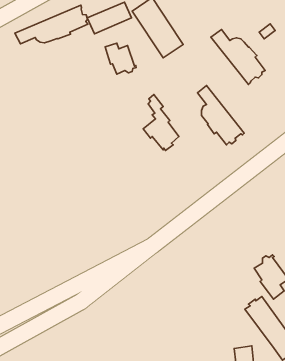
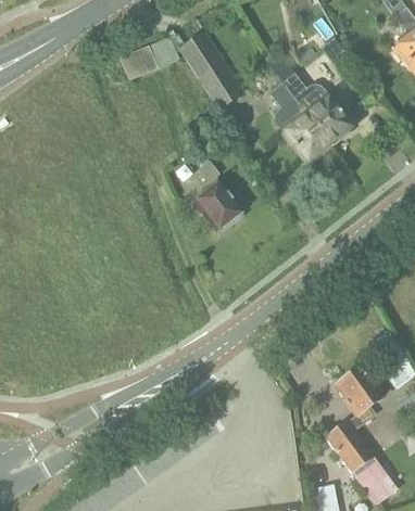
building: [15,5,88,44] -> none
building: [105,43,136,74] -> none
building: [197,85,244,145] -> [269,79,330,156]

